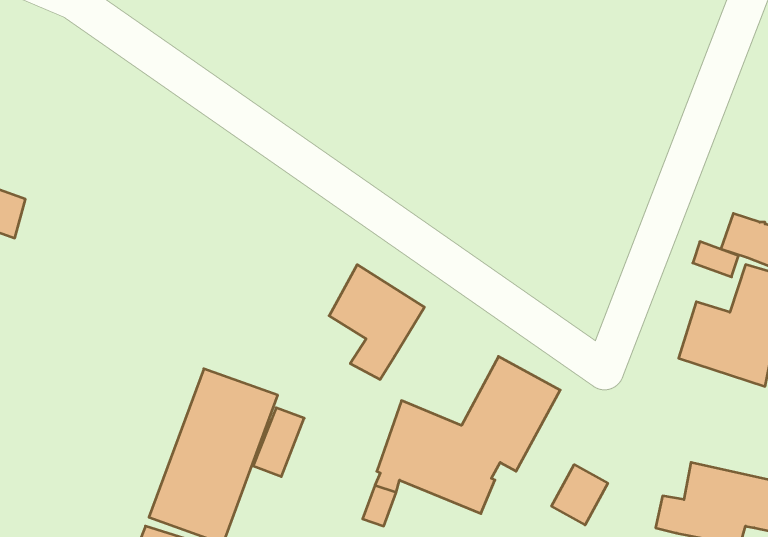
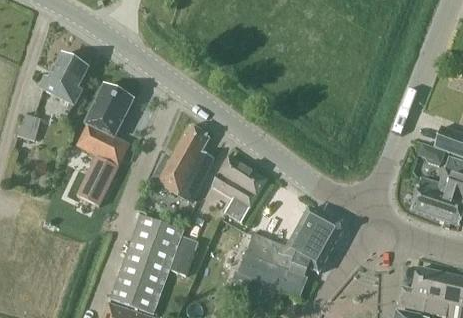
building: none -> [39,54,88,105]
building: none -> [77,84,133,206]
building: none -> [151,125,214,202]
building: [552,465,608,525] -> none

